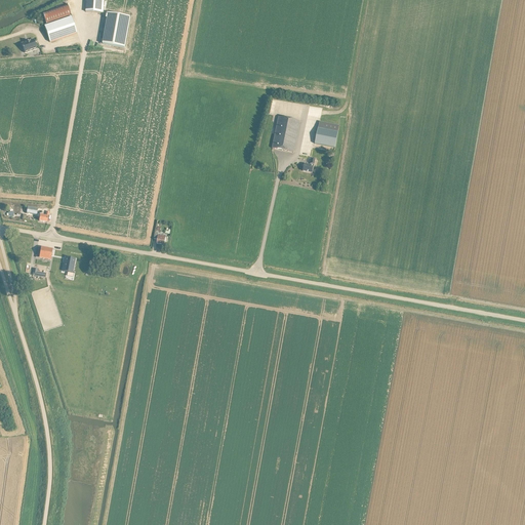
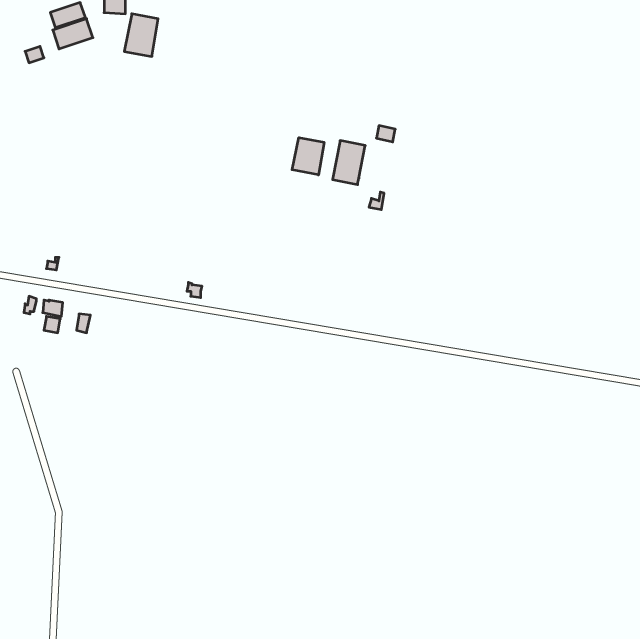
building: none -> [292,138,324,175]
building: [315,120,338,146] -> none

